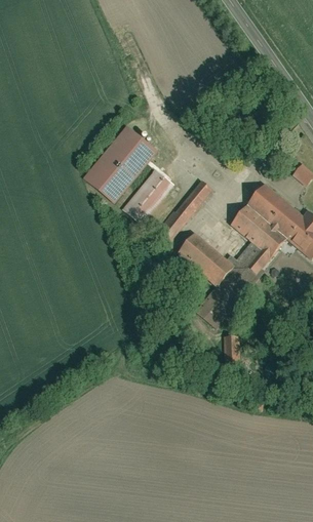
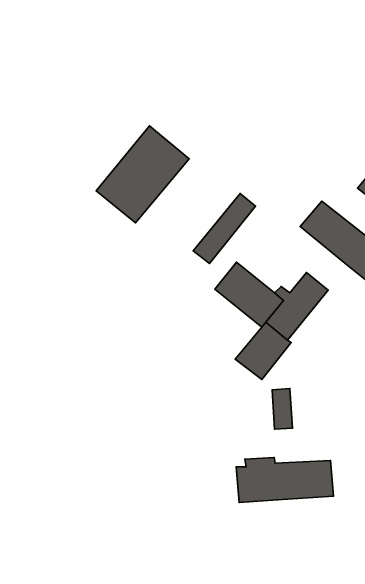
building: [122,167,173,223] -> none
building: [231,205,285,256] -> none
building: none -> [236,458,333,502]

